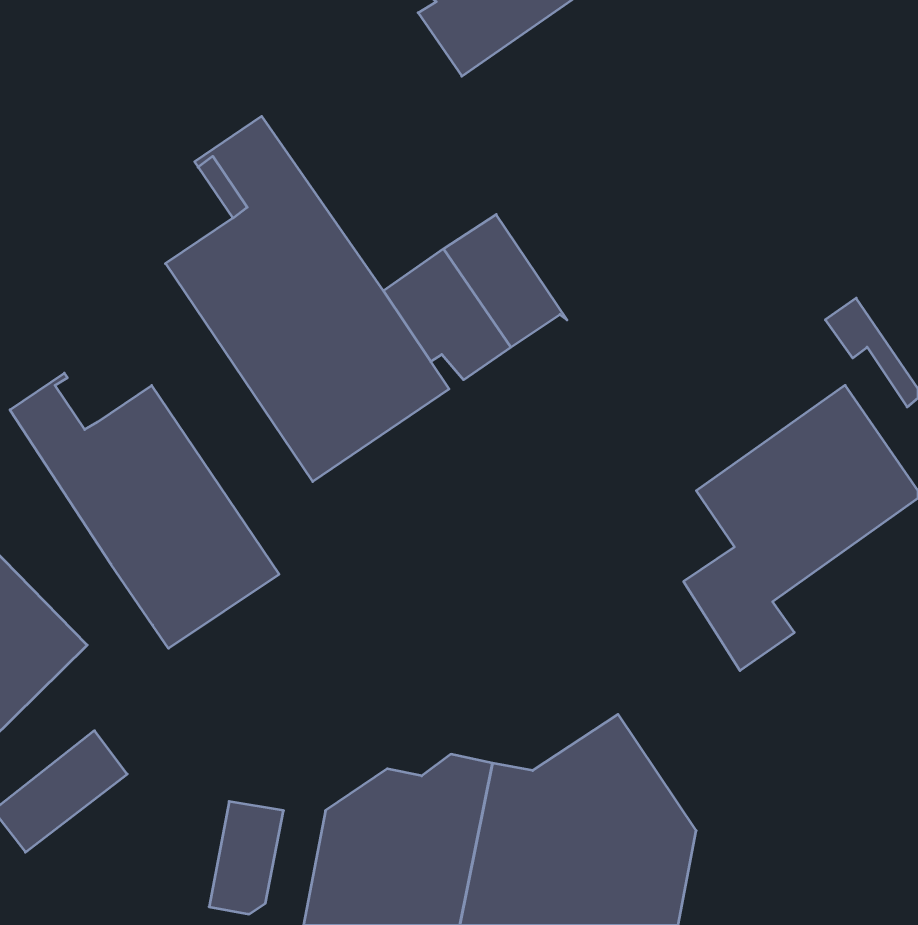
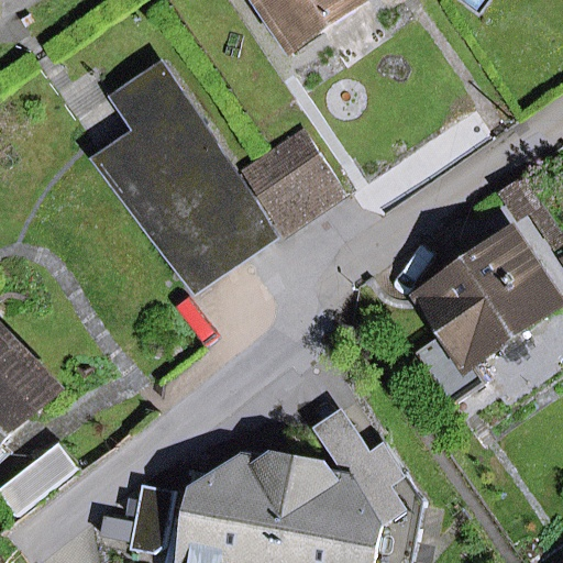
building: [10,373,279,648] -> none

